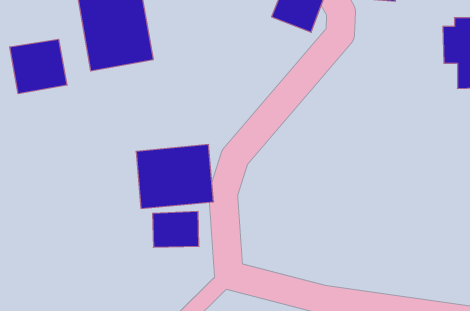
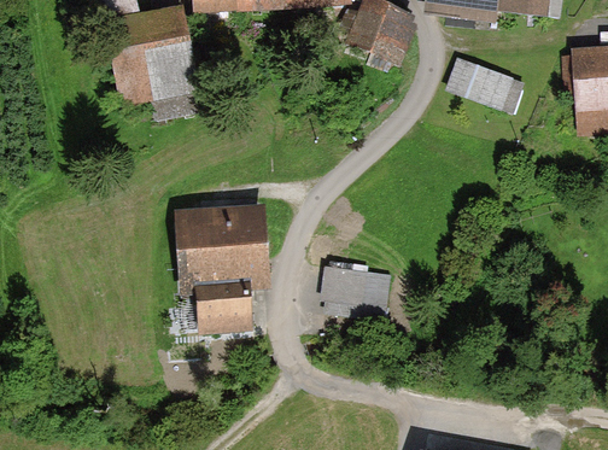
building: none -> [444,57,513,107]
building: [10,39,67,94] -> none
building: none -> [318,257,392,315]

